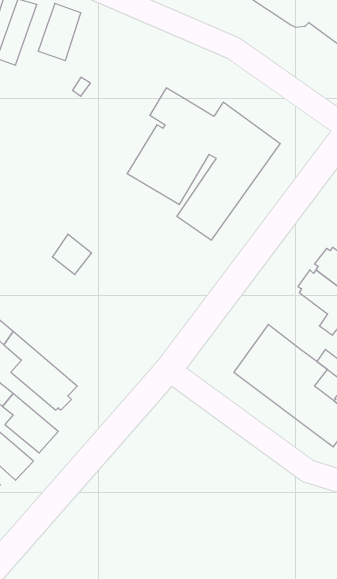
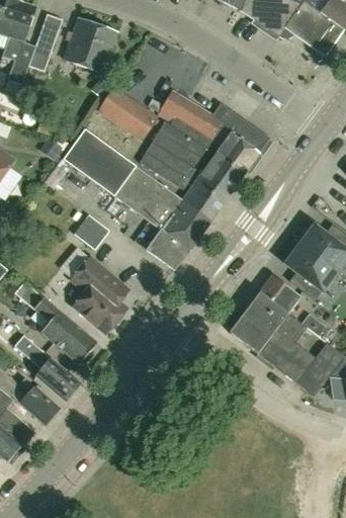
building: none -> [86,26,116,72]
building: none -> [97,86,158,141]
building: none -> [63,130,210,270]
building: none -> [71,258,127,333]
building: none -> [259,275,298,313]

